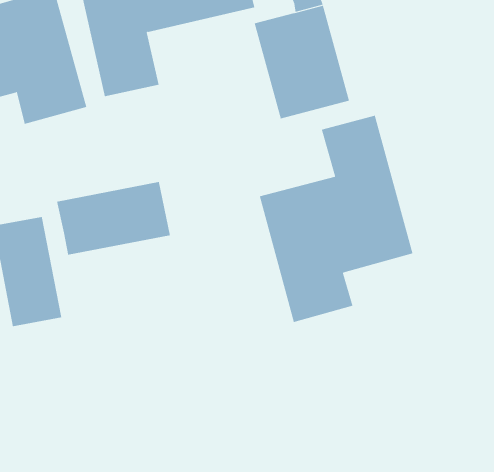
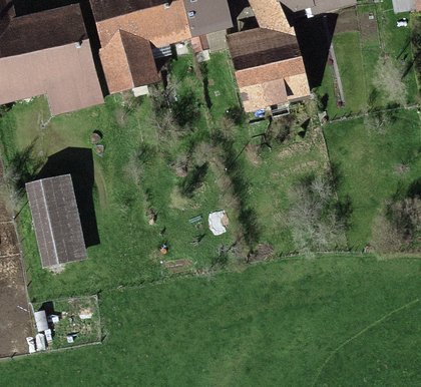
building: [259,115,413,323] -> none
building: [57,181,170,256] -> none

